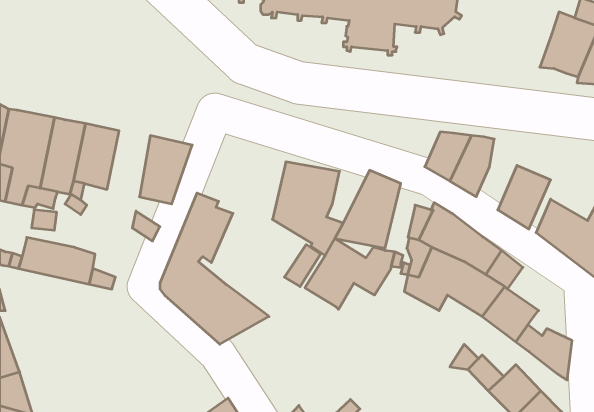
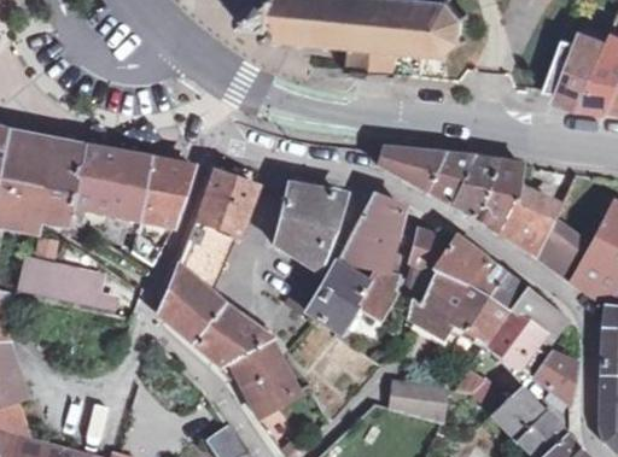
building: none -> [381,148,444,189]
building: none -> [109,153,152,219]
building: none -> [480,162,526,233]
building: none -> [199,170,258,232]
building: none -> [512,291,565,345]
building: none -> [222,340,299,414]
building: none -> [393,380,449,421]

